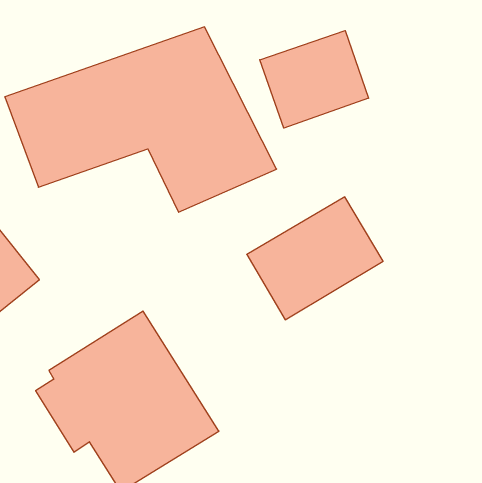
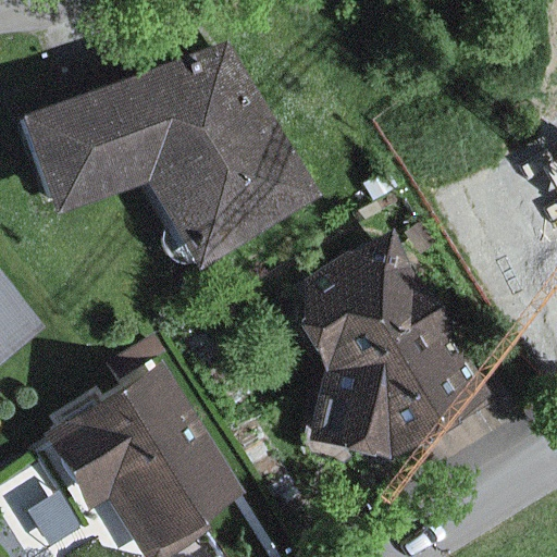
building: [260,31,369,128] -> none
building: none -> [309,305,492,459]

